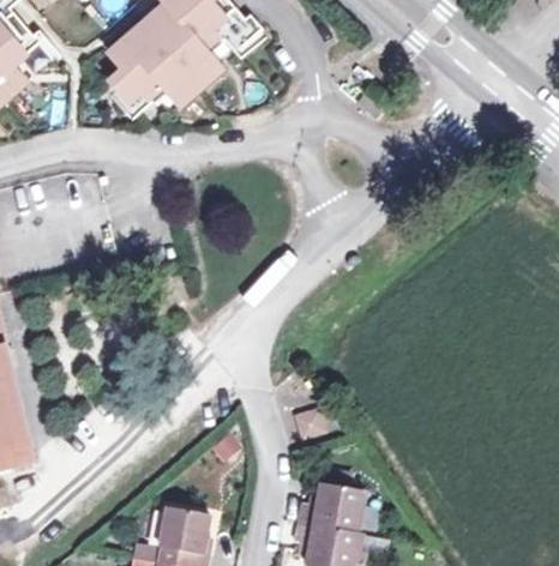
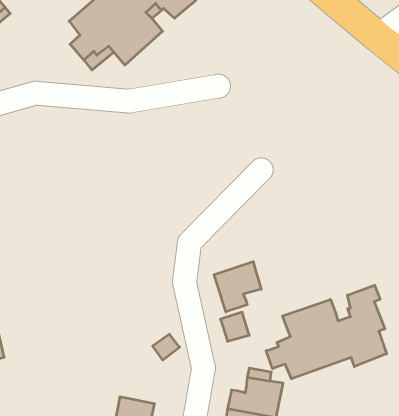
building: none -> [214,262,261,312]
building: none -> [266,285,387,379]

